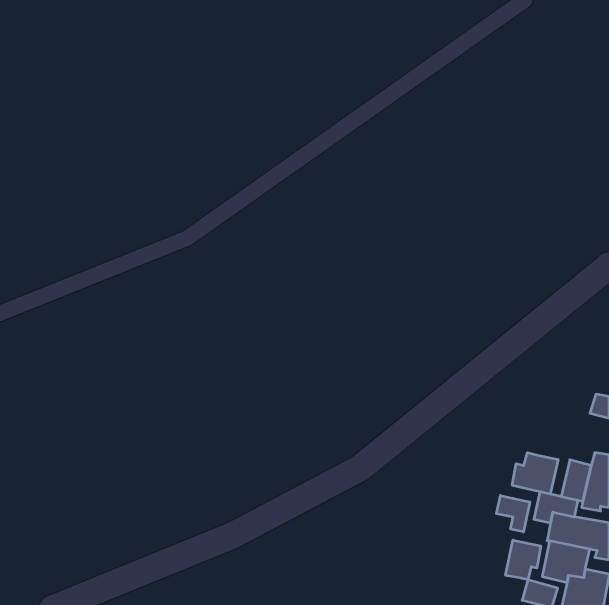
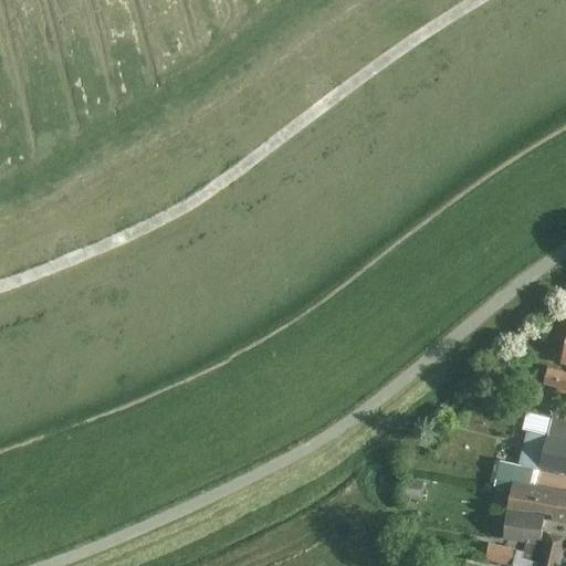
building: [512,453,558,494] -> none
building: [496,495,530,532] -> none
building: [506,540,541,580] -> none

